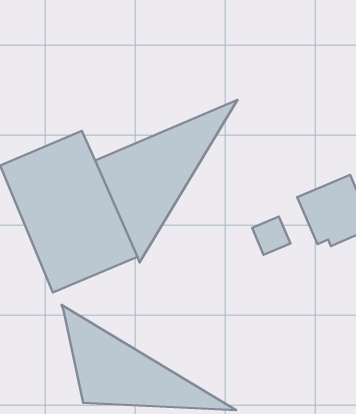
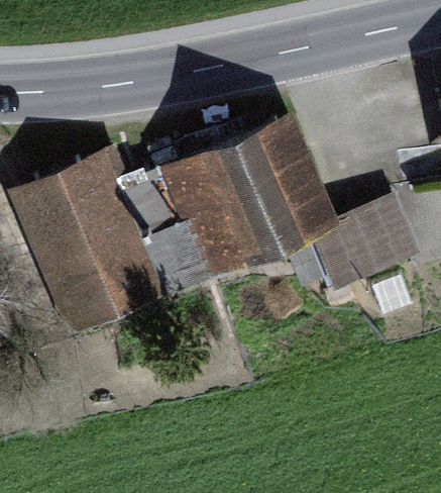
building: none -> [172,122,320,293]
building: [62,305,236,410] -> none

